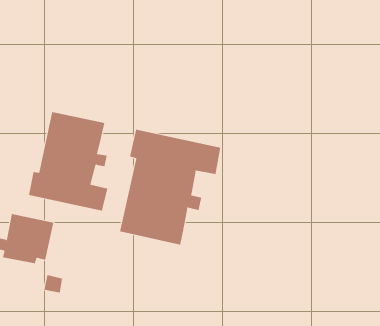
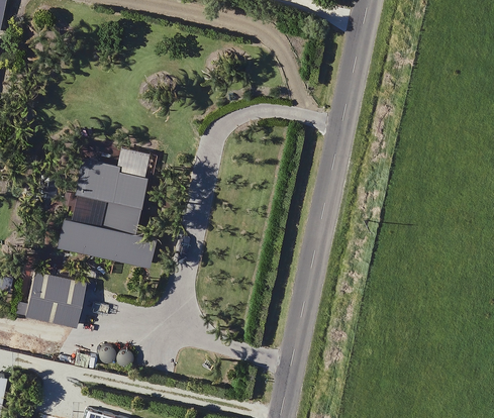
building: [120,129,221,245] -> none

